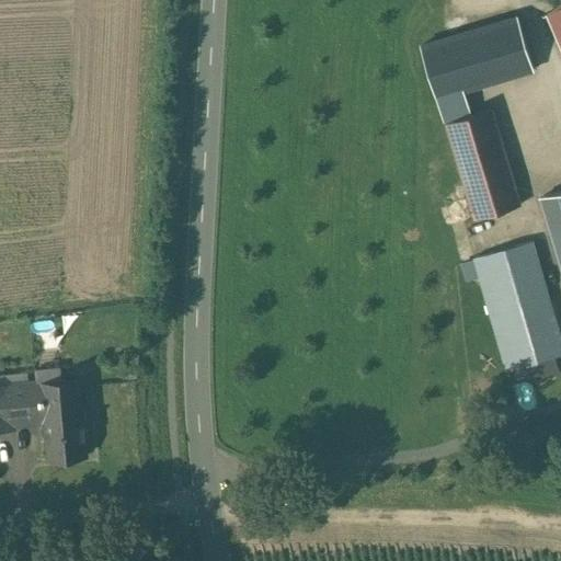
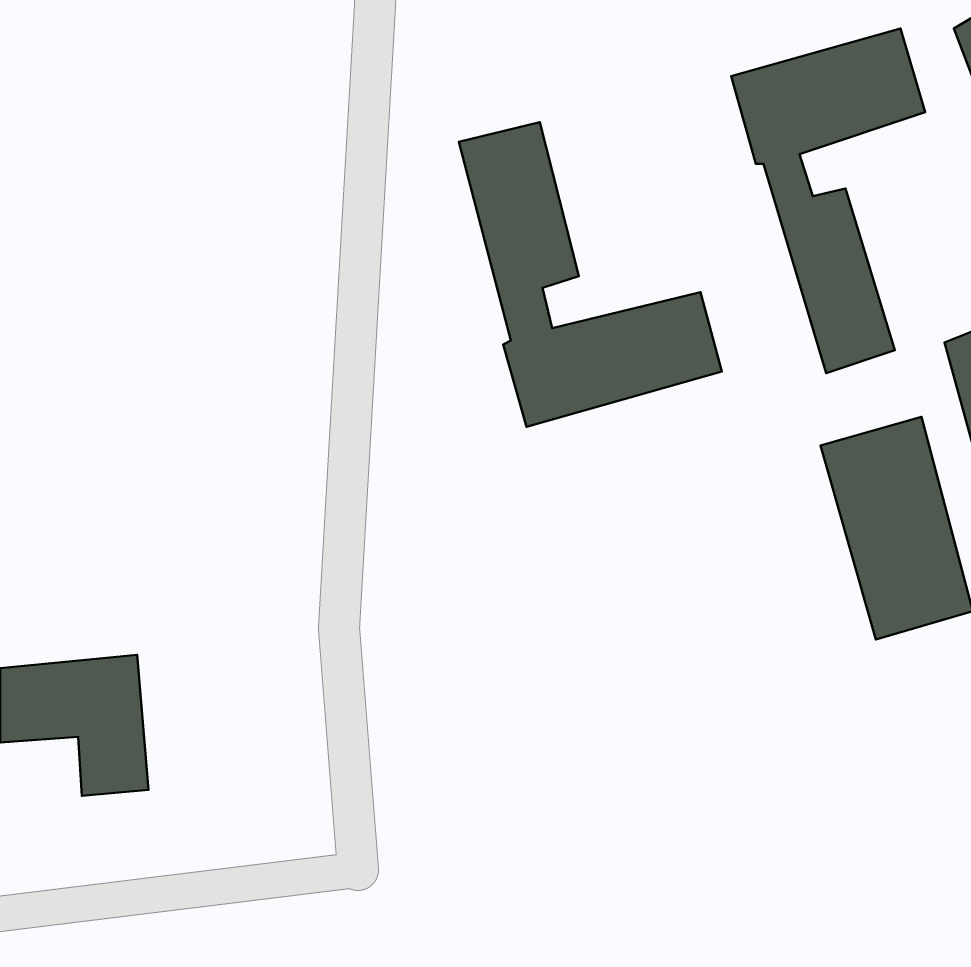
building: none -> [459,122,722,427]

